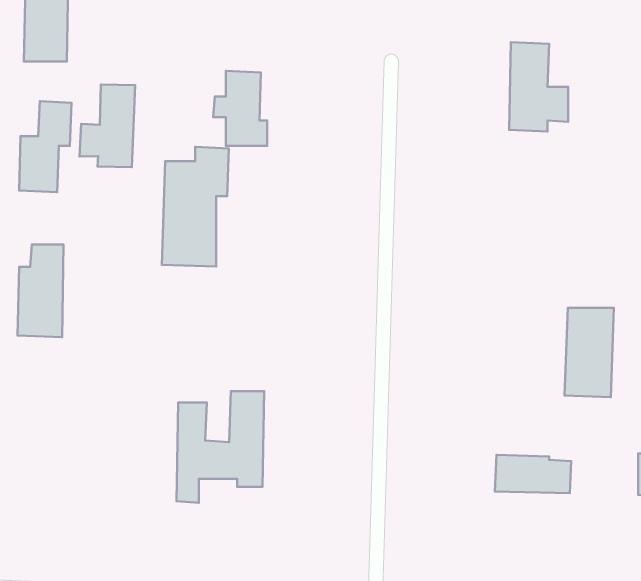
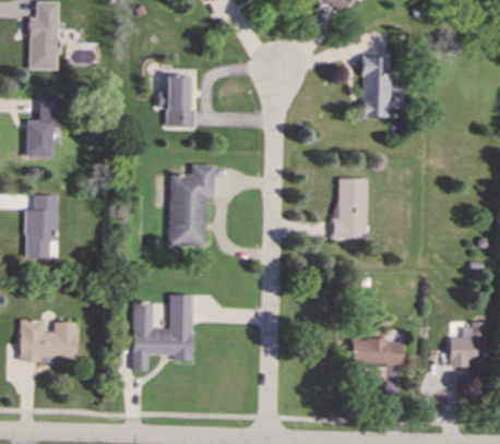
building: [79,85,135,167] -> none
building: [162,147,229,266] -> [169,164,215,245]
building: [565,308,614,397] -> [334,178,368,239]
building: none -> [20,319,78,362]

